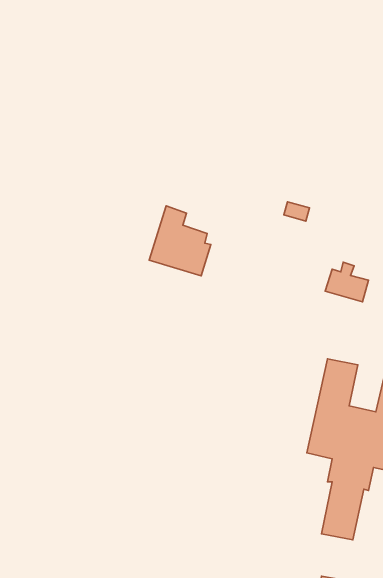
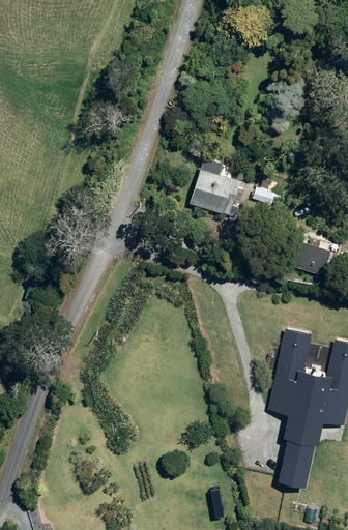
building: [149,206,211,276] -> [185,161,238,222]

